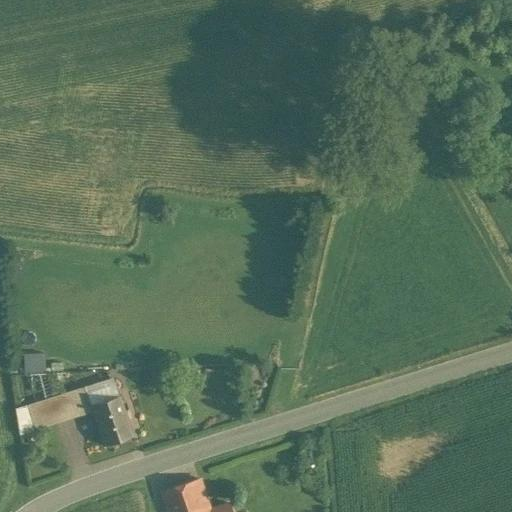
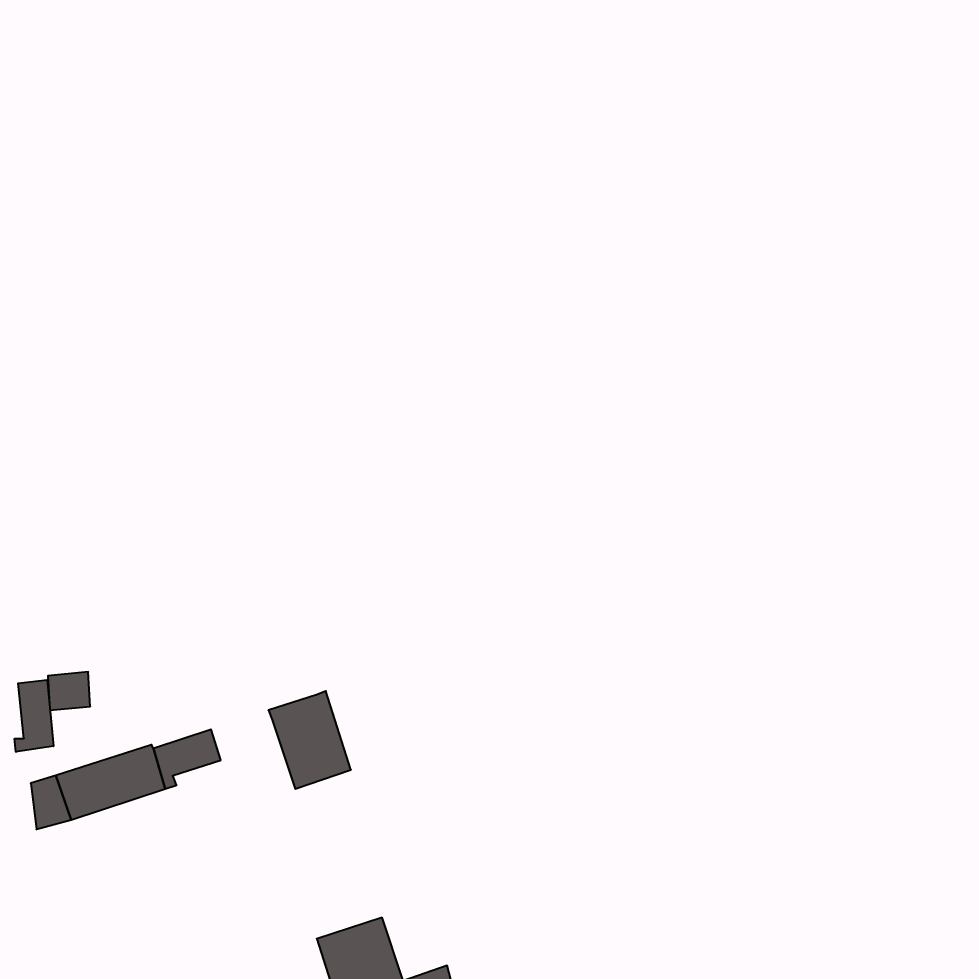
building: none -> [15,680,53,752]
building: [91,395,134,446] -> [268,691,351,789]

